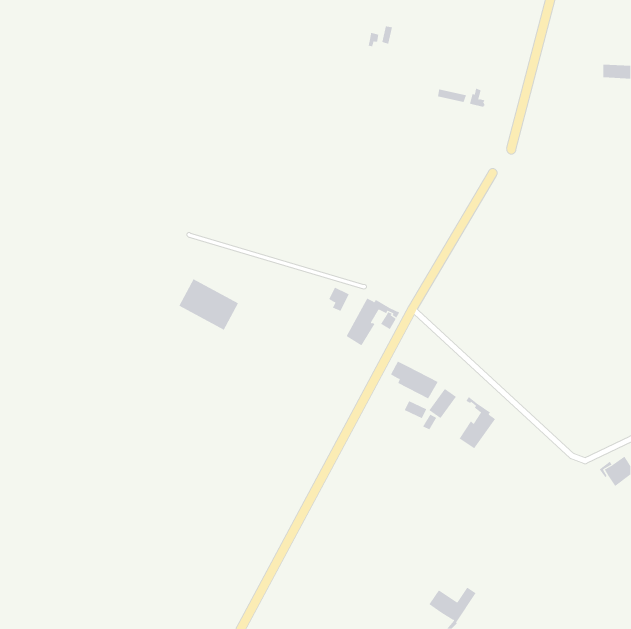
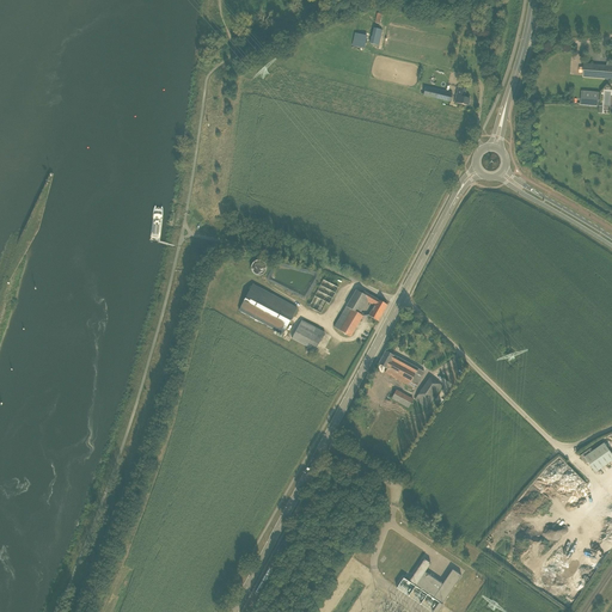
building: [178,279,239,330] -> [239,282,298,332]
building: none -> [292,318,325,349]
building: [459,396,496,449] -> none

